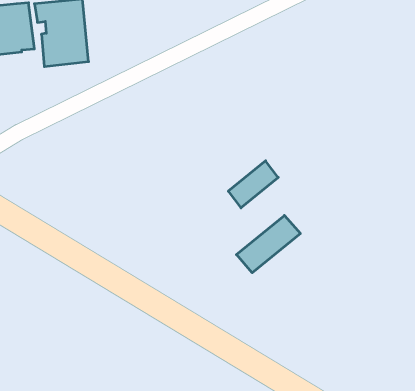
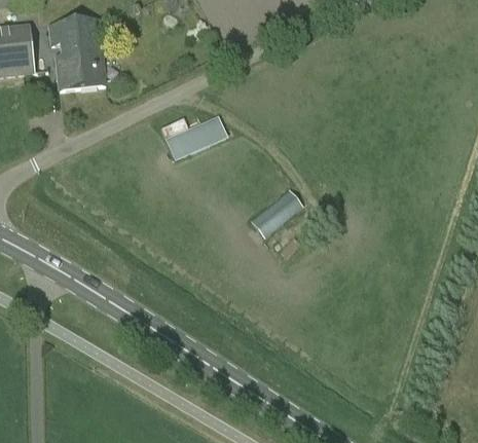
building: none -> [167,117,224,156]
building: [236,215,300,273] -> none

